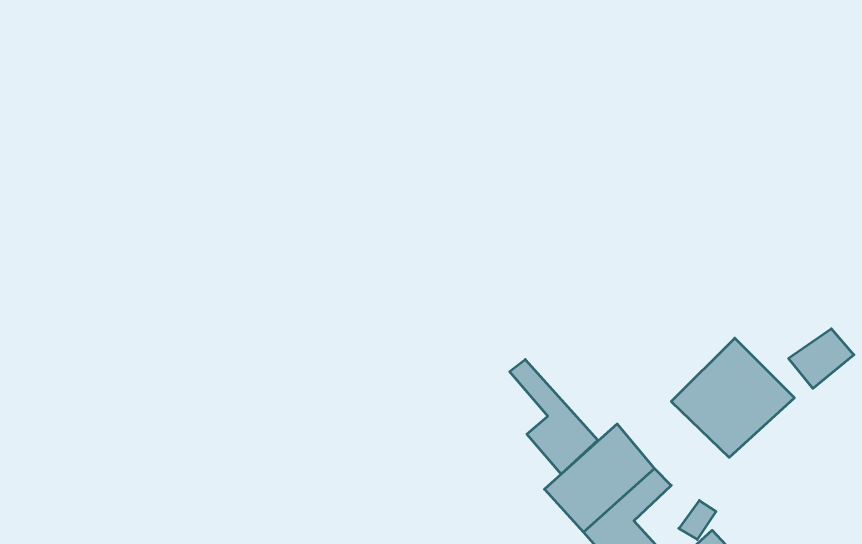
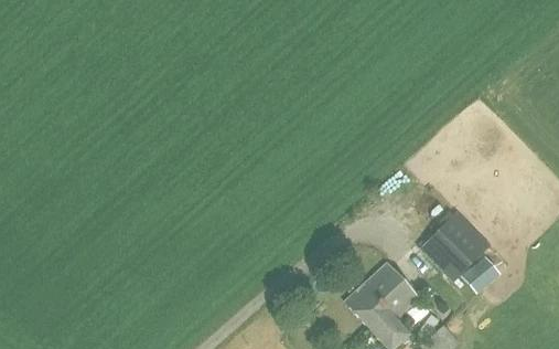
building: [789,329,854,388] -> [463,258,502,294]
building: [510,359,598,474] -> none

